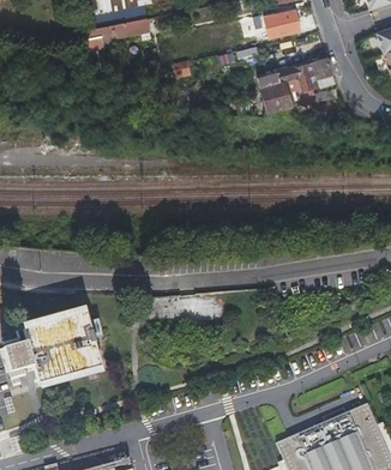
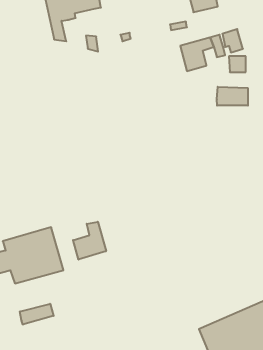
building: none -> [217,87,248,106]
building: none -> [73,222,106,260]
building: none -> [20,304,54,325]

